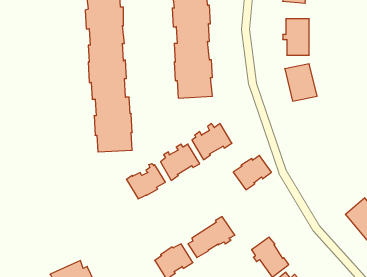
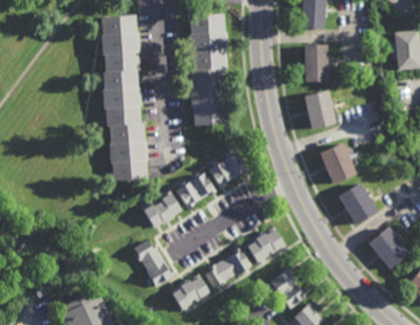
building: none -> [321,143,358,186]
building: none -> [340,184,379,227]
building: [233,155,271,190] -> [246,229,285,264]
building: none -> [133,241,175,289]

